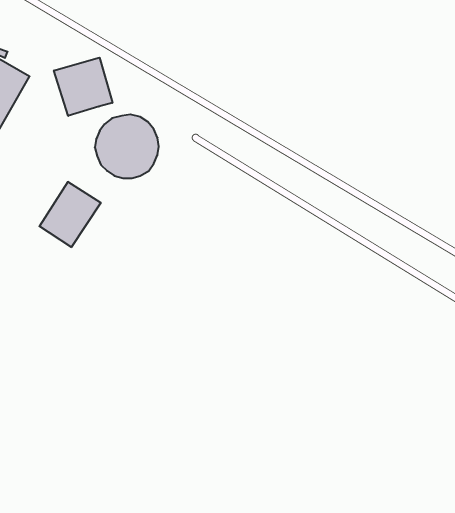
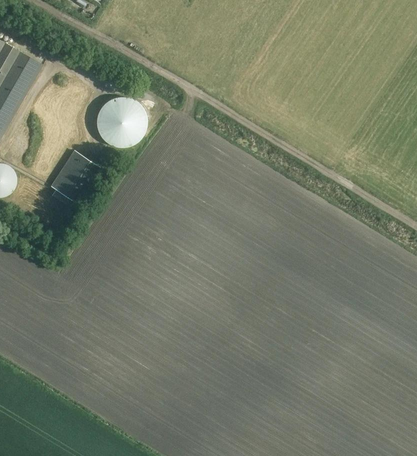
building: [54,58,112,116] -> none

